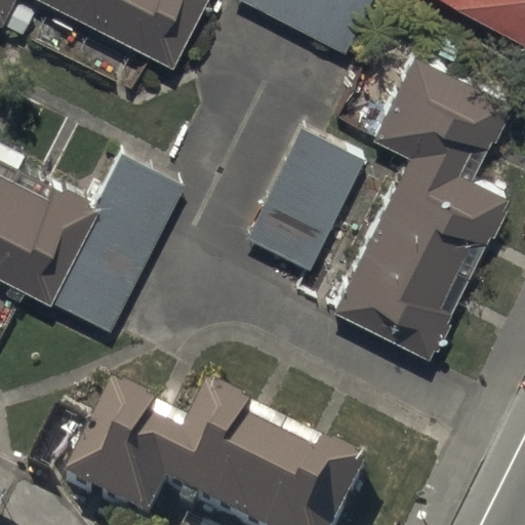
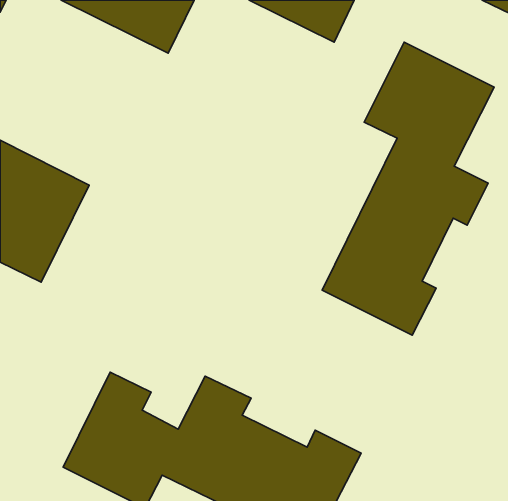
building: [250,128,363,267] -> none
building: [52,158,179,330] -> none

